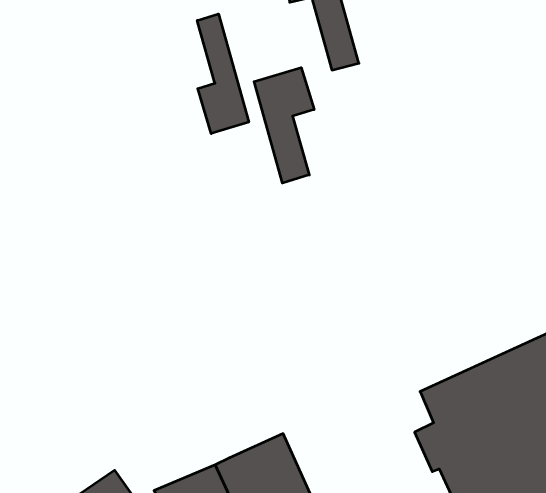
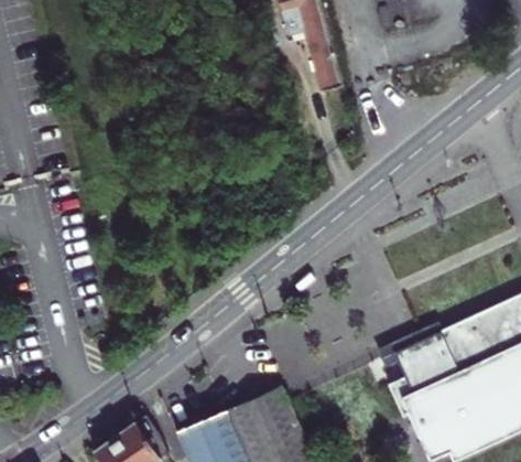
building: [197,14,249,134] -> none
building: [254,68,314,183] -> none

